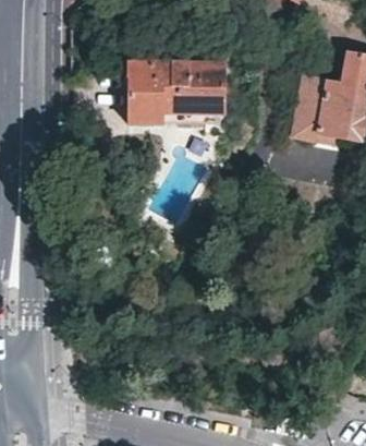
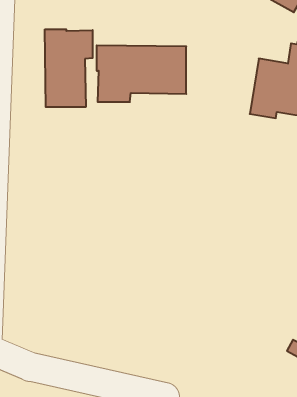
building: none -> [45,29,93,107]

